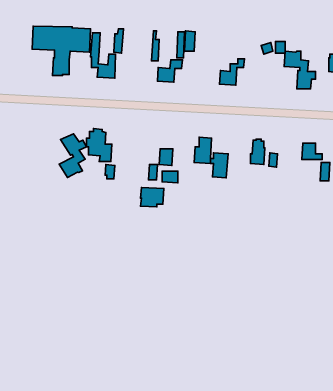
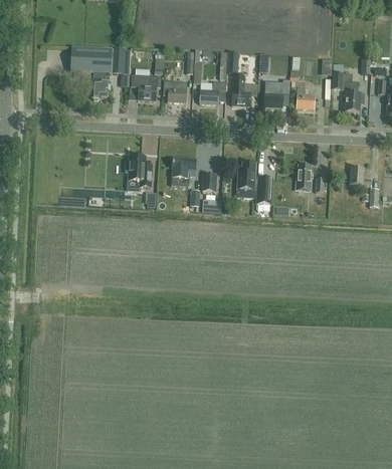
building: none -> [232,75,251,105]
building: none -> [163,80,187,102]
building: none -> [291,80,315,109]
building: [59,134,87,177] -> none
building: [140,188,164,207] -> [172,158,196,178]

